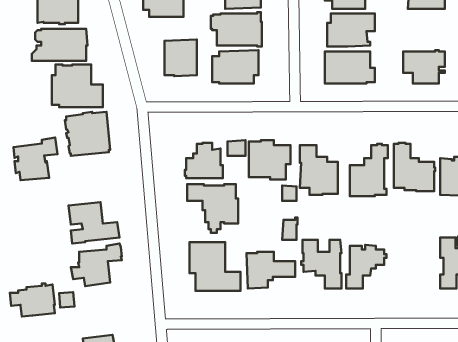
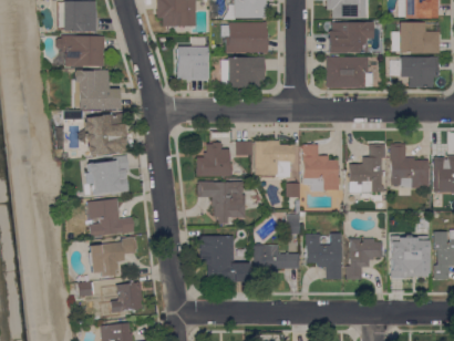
building: none -> [392,22,440,53]
building: [13,138,57,180] -> [87,155,128,195]
building: none -> [392,241,430,279]
building: [10,283,55,317] -> [101,281,143,312]

